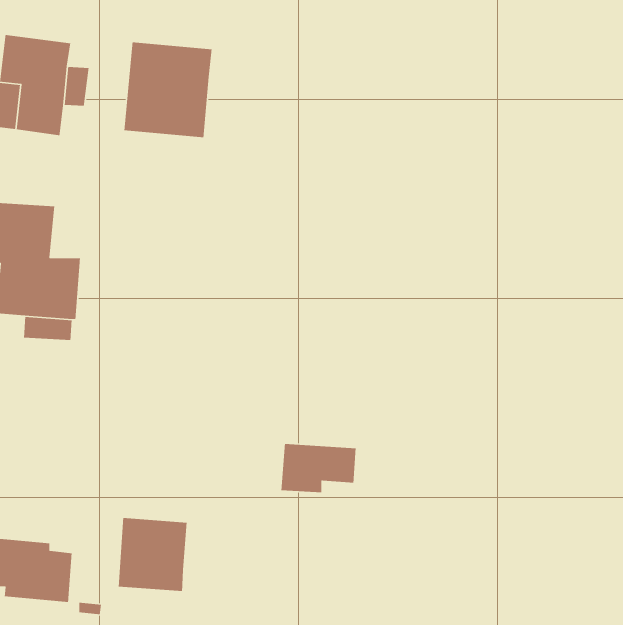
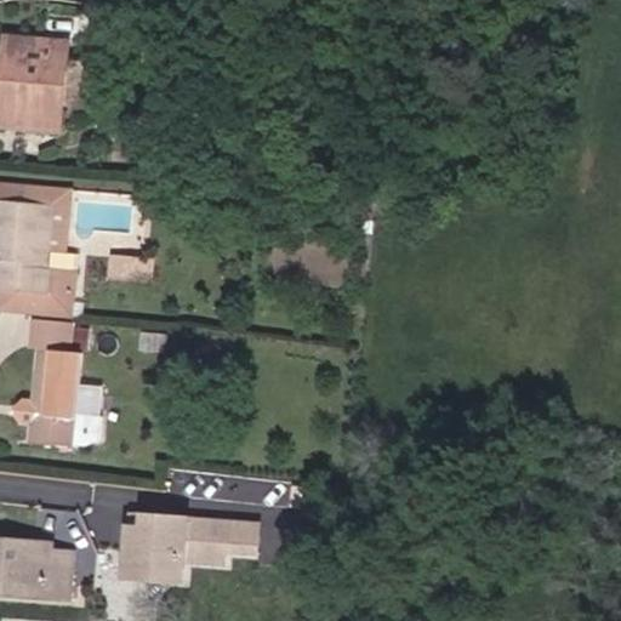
building: [123,42,213,138] -> none
building: none -> [13,342,85,437]
building: [280,443,357,493] -> [182,517,257,566]

